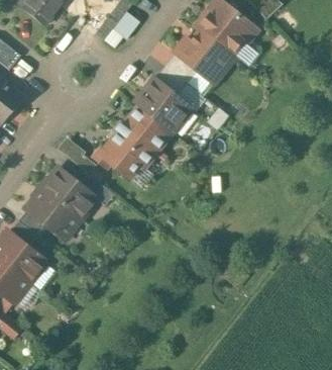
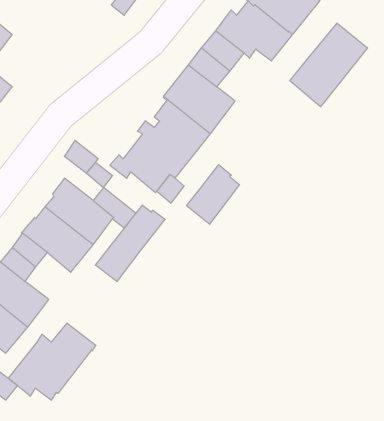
building: none -> [290,23,368,107]
building: none -> [187,165,239,224]
building: none -> [95,205,165,281]
building: none -> [8,323,96,400]

